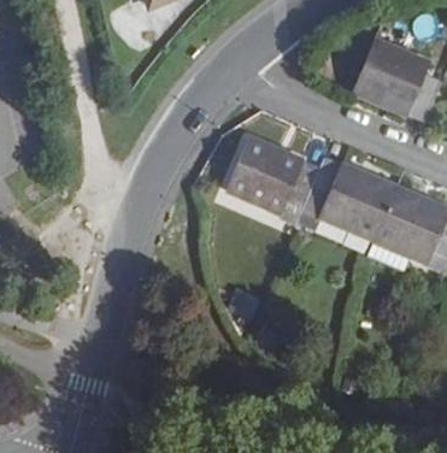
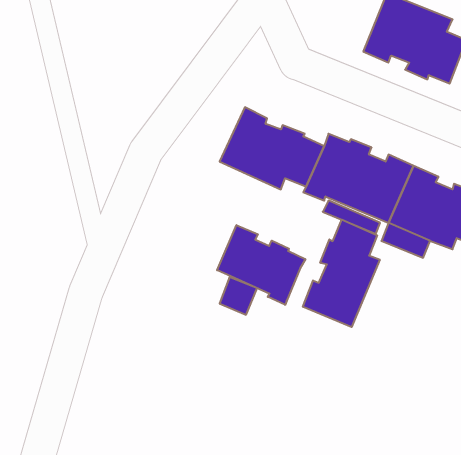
building: none -> [303,220,380,327]
building: none -> [217,225,305,305]

